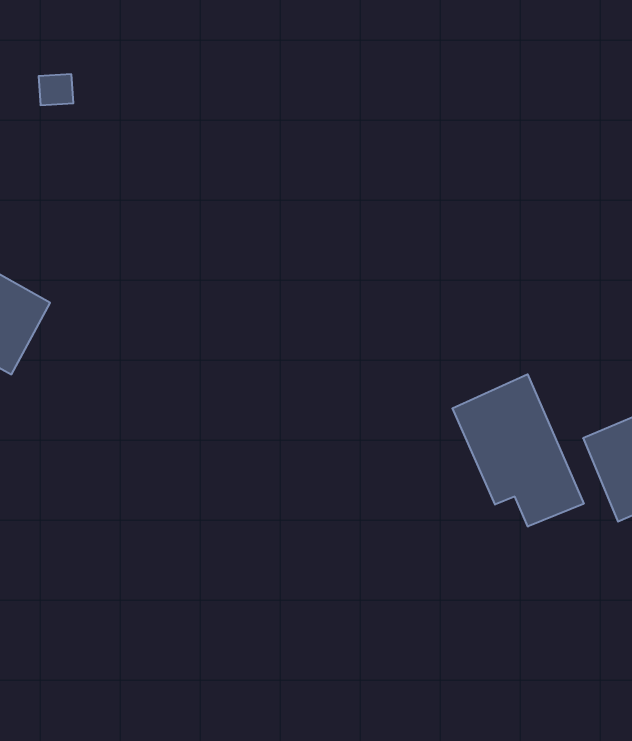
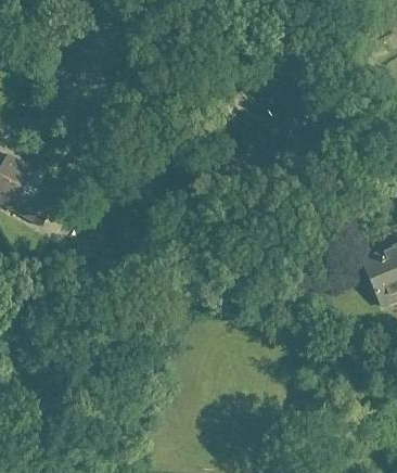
building: [452,374,584,527] -> none

